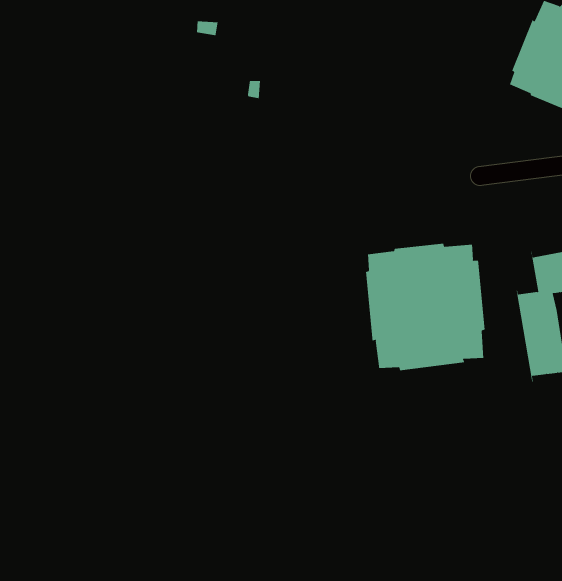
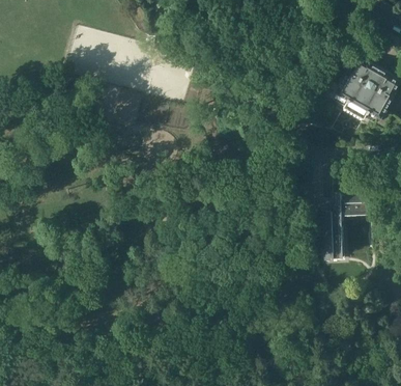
building: [366,243,485,371] -> none

